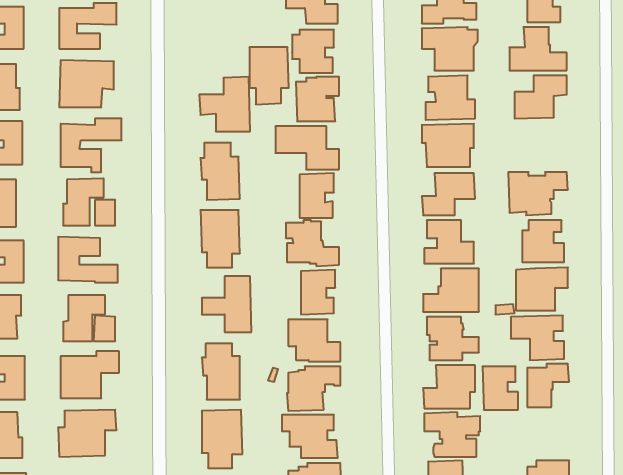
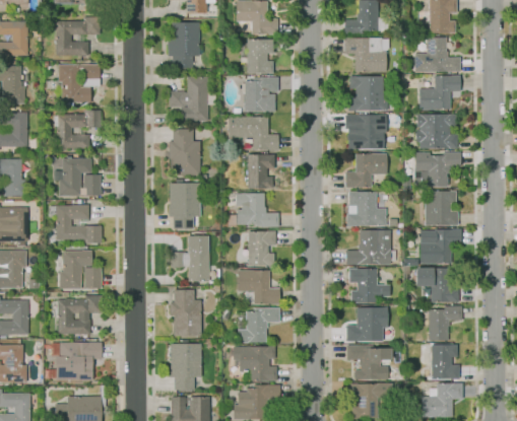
building: [249,47,289,104] -> [168,23,199,69]
building: none -> [415,114,458,148]
building: [482,366,518,410] -> [432,344,460,378]

